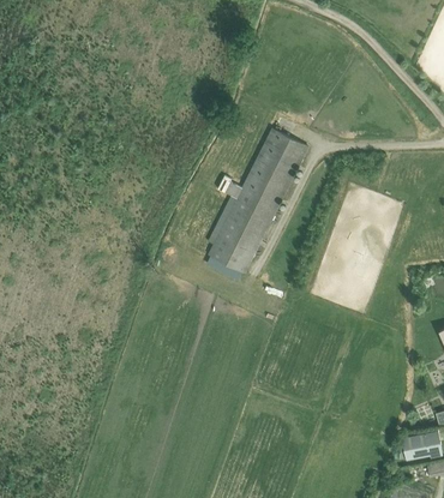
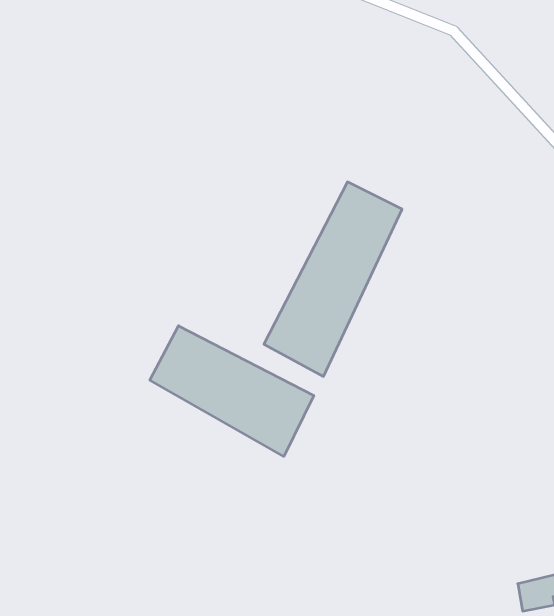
building: none -> [150,326,314,456]

